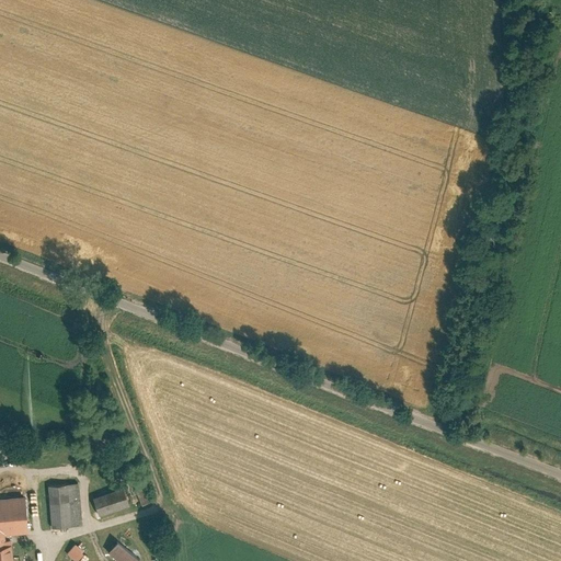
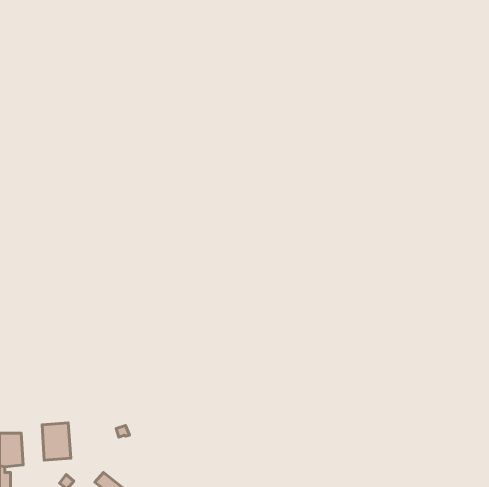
building: [93,491,128,516] -> none

